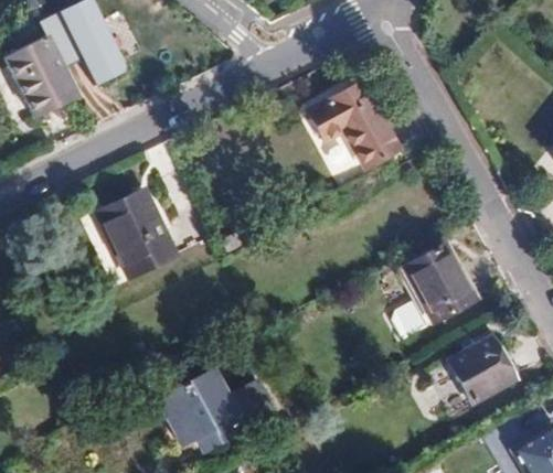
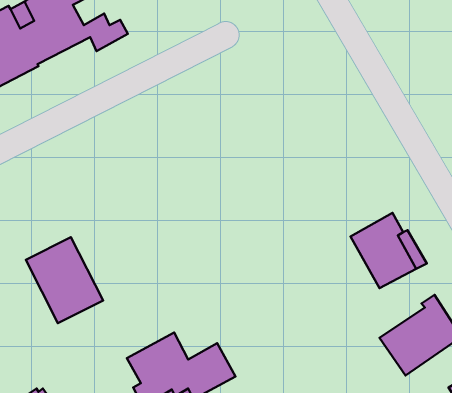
building: [311,87,398,171] -> none
building: [100,195,180,283] -> [26,237,103,323]

